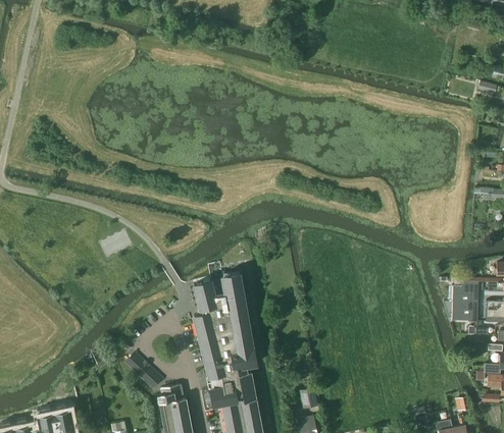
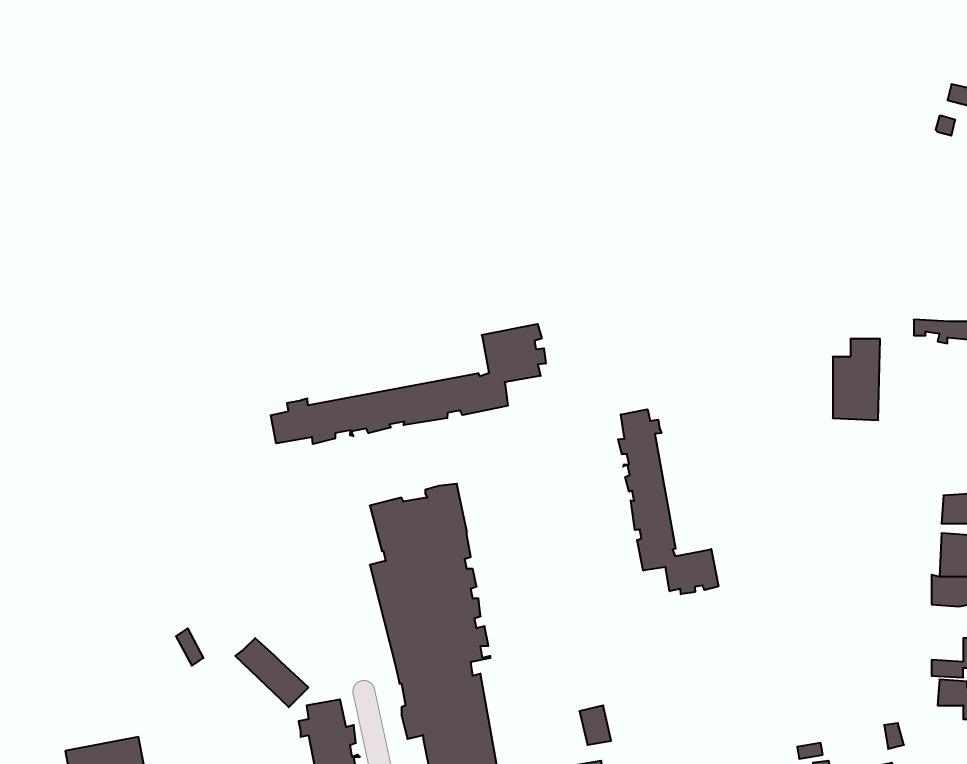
building: none -> [271,324,546,444]
building: none -> [618,409,718,594]
building: [454,278,478,320] -> [833,339,880,420]

